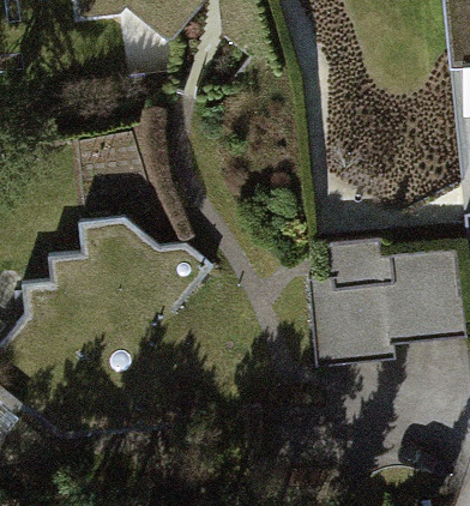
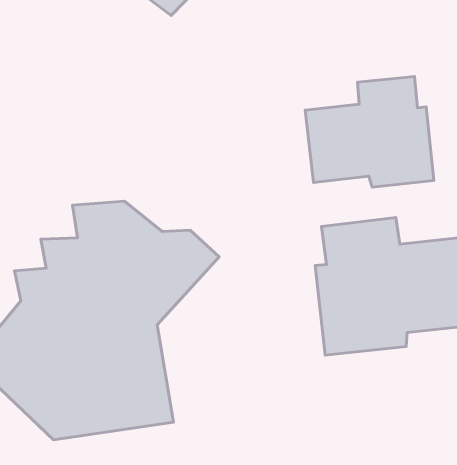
building: none -> [305,76,434,187]

